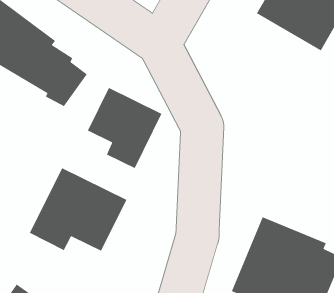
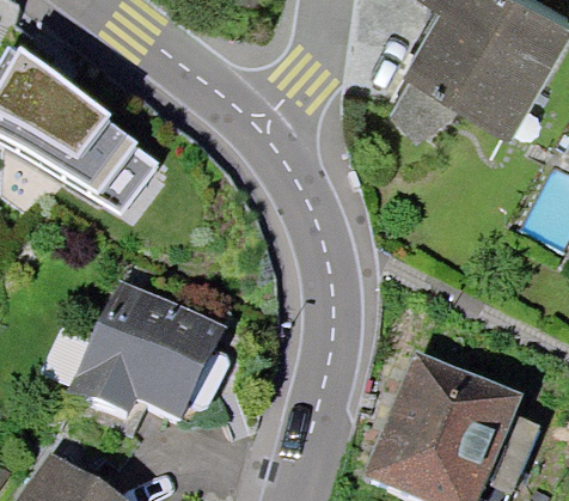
building: [87,87,162,169] -> none

